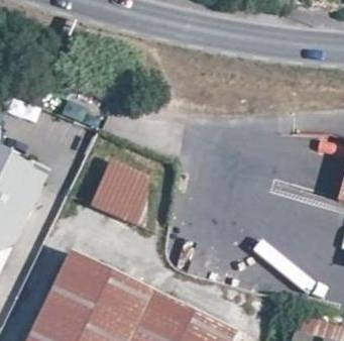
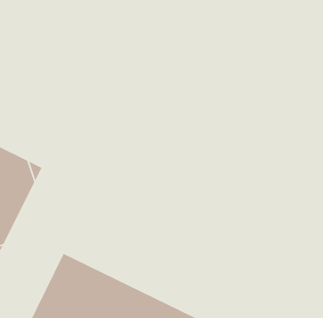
building: [91,159,149,227] -> none

